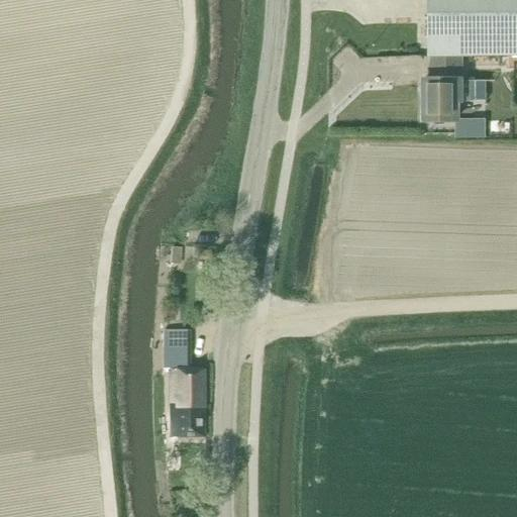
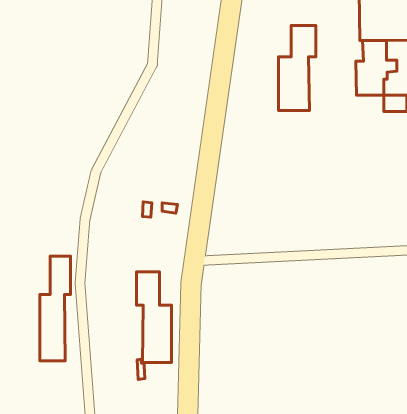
building: none -> [279,25,316,111]
building: none -> [40,256,70,361]

